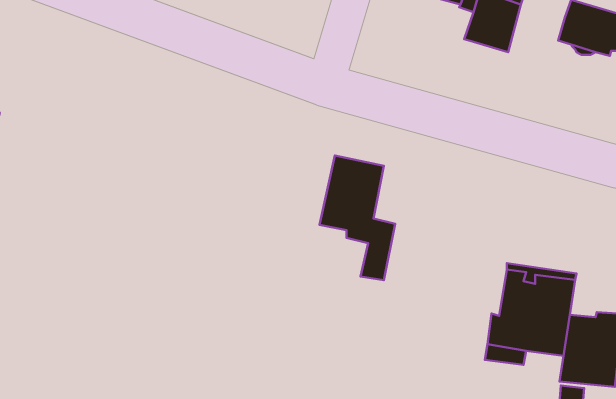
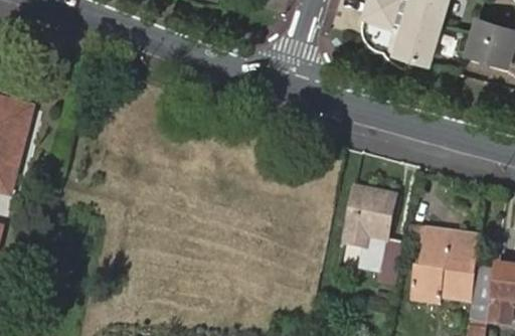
building: [319,155,395,280] -> [344,188,403,286]

